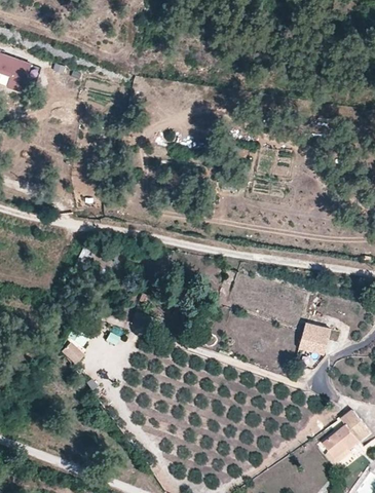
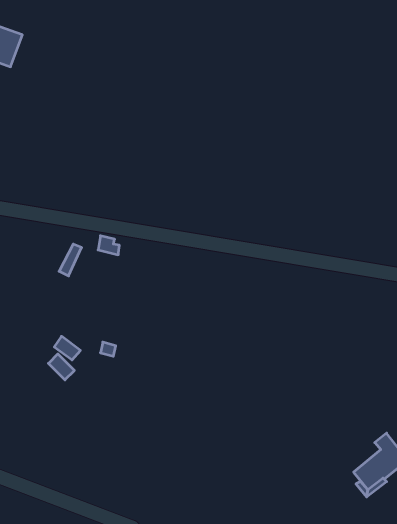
building: [298,325,325,351] -> none

